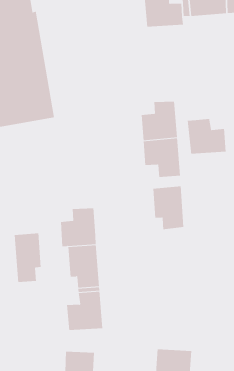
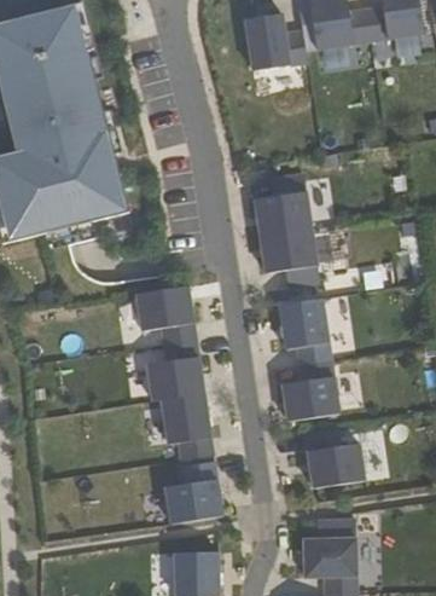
building: [187,118,226,155] -> none
building: none -> [136,285,196,343]
building: none -> [281,358,338,422]
building: [14,232,41,283] -> none
building: none -> [304,428,362,487]

